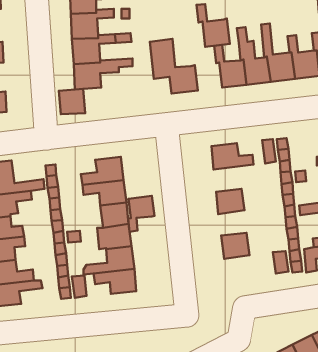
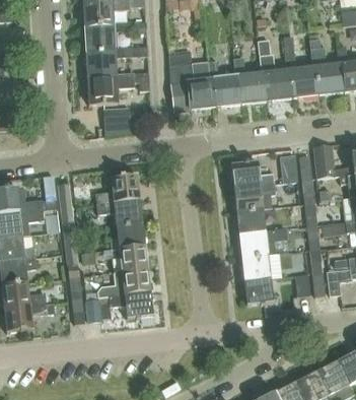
building: [197,4,230,47] -> [208,61,242,106]
building: [59,89,85,114] -> [104,107,132,133]
building: none -> [313,144,337,178]
building: none -> [233,183,276,211]
building: [128,196,154,232] -> none
building: none -> [238,228,288,257]
building: none -> [244,277,274,304]

